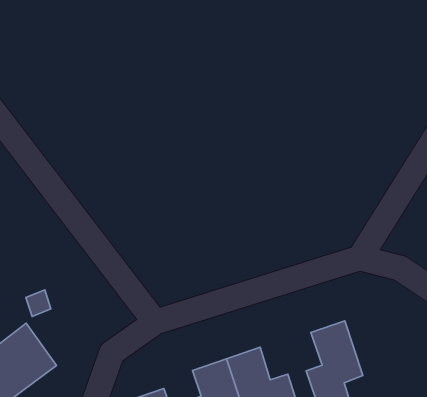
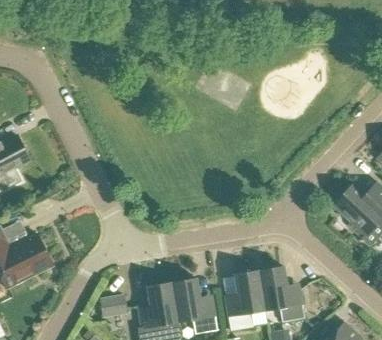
building: none -> [258,265,304,321]

